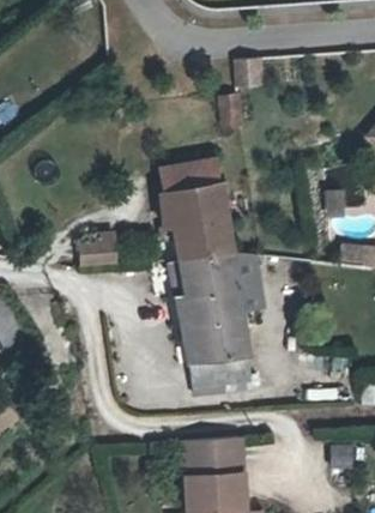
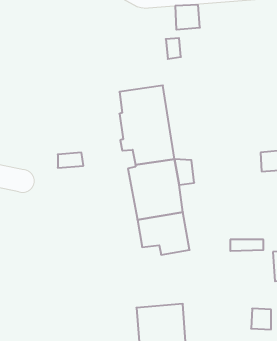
building: [189,363,252,398] -> none

